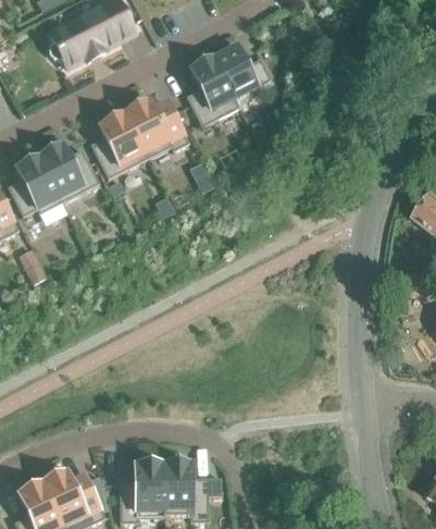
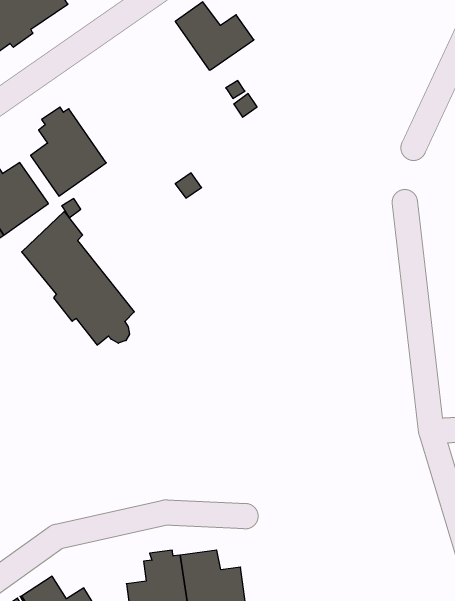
building: [185,57,238,125] -> none
building: [123,98,188,157] -> none
building: none -> [22,212,134,345]

